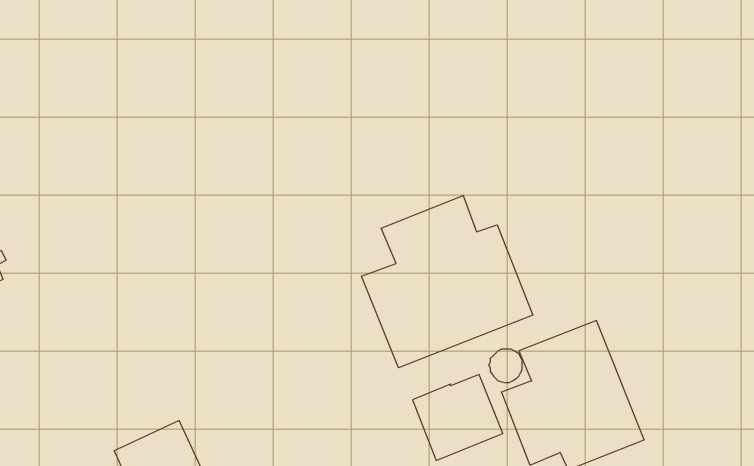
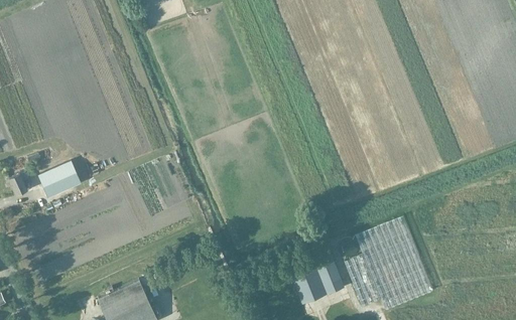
building: [362,195,533,368] -> none
building: none -> [39,165,77,197]

